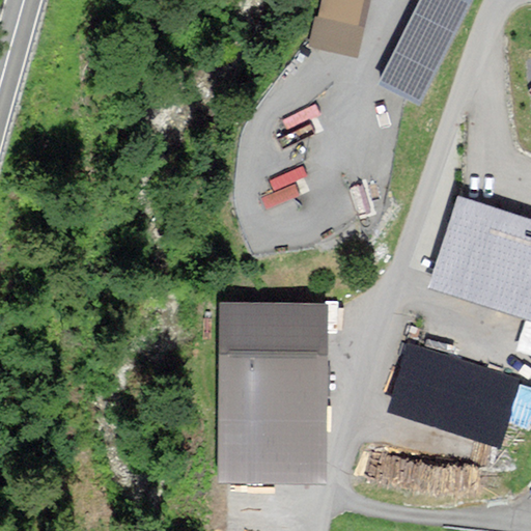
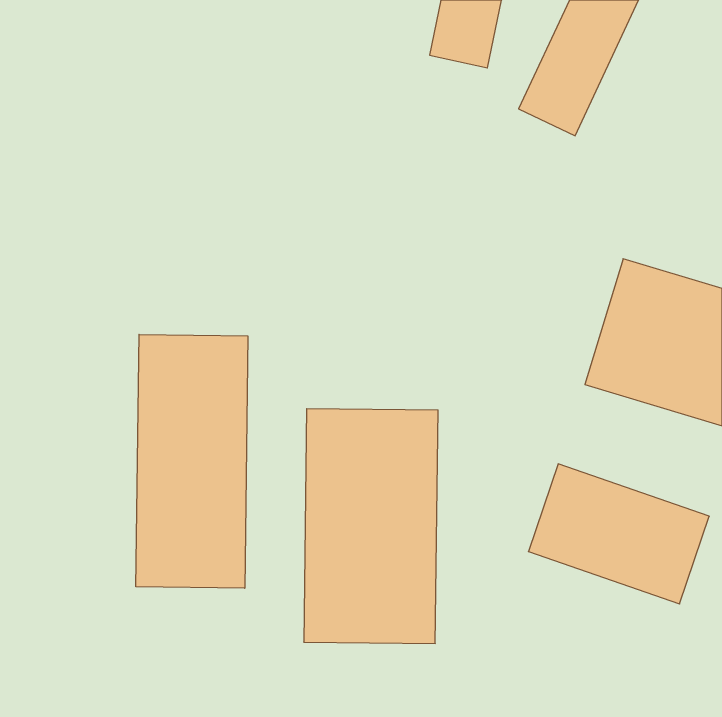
building: none -> [136,334,248,588]

